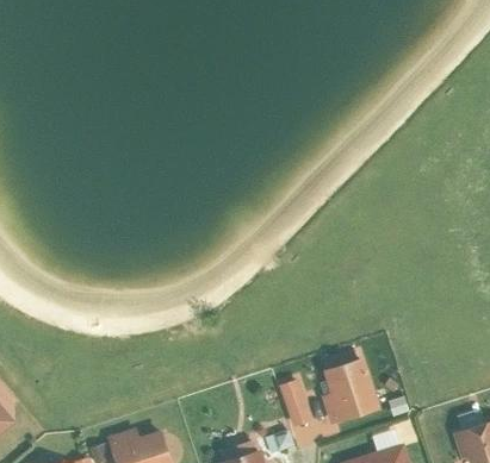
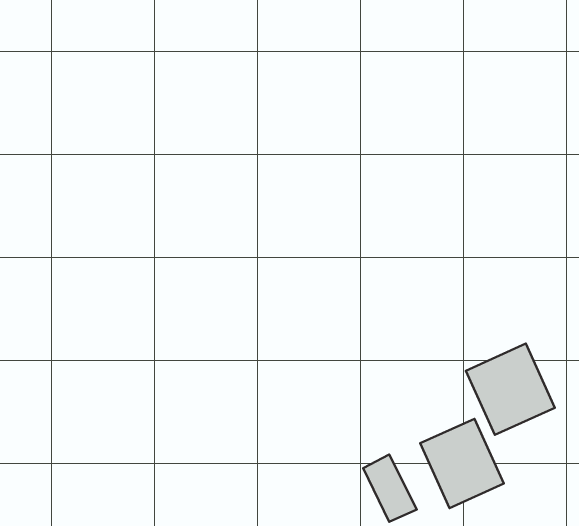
building: none -> [466,344,555,435]

